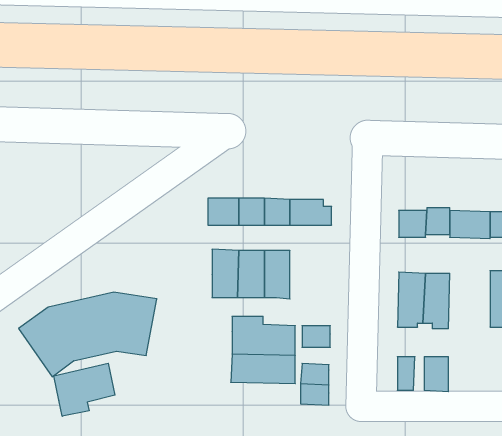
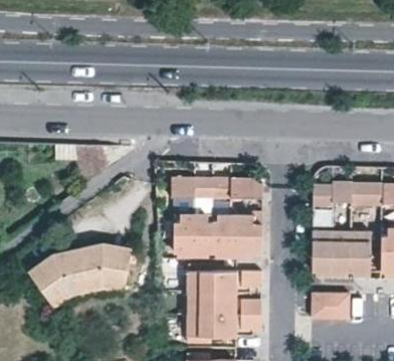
building: none -> [231,210,262,251]
building: none -> [350,232,371,274]
building: [54,363,115,416] -> none
building: none -> [187,314,235,343]

